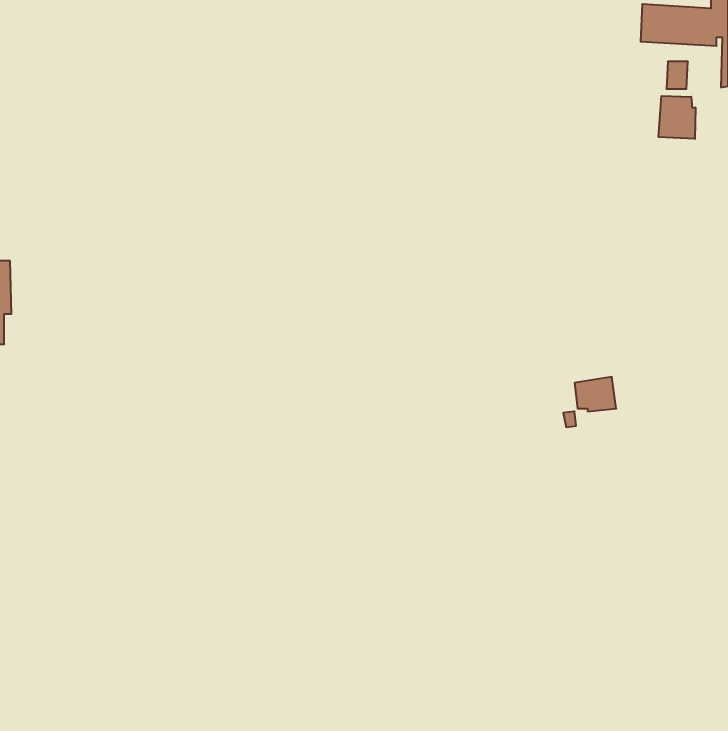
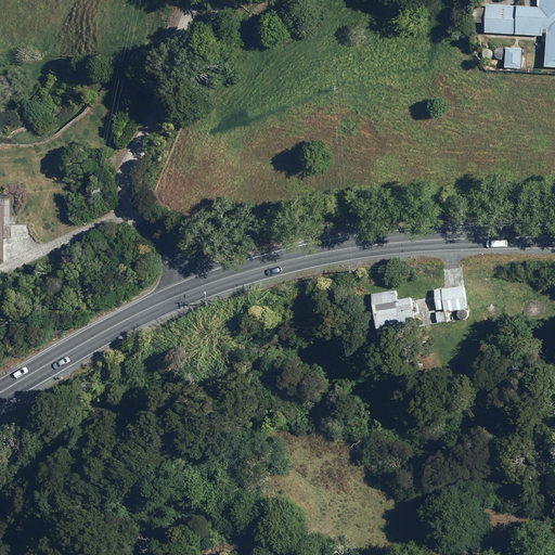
building: [659,96,695,139] -> none
building: none -> [370,289,415,334]

